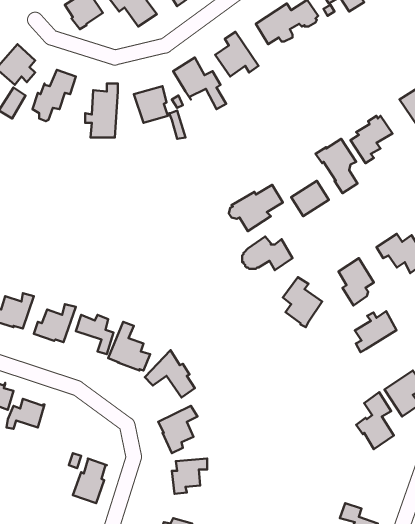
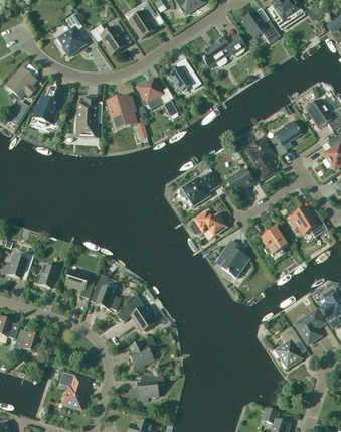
building: [355,311,397,352] -> none

